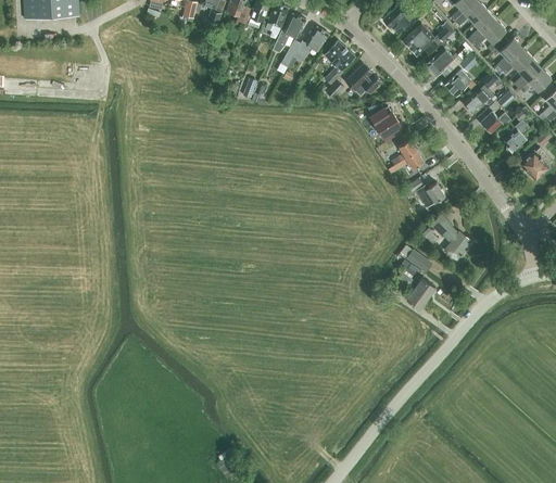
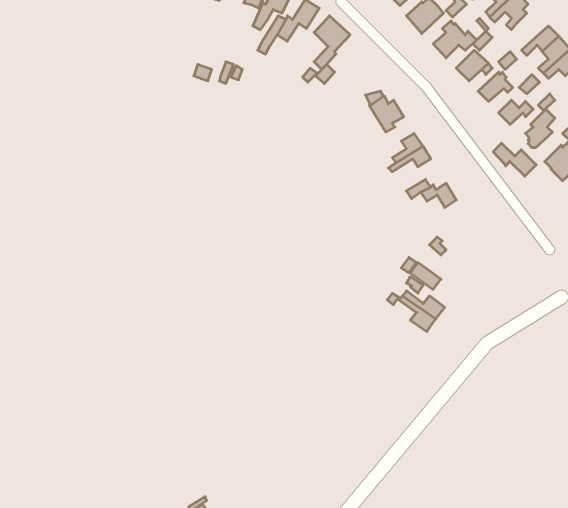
building: [496,38,523,69] -> none
building: [345,63,381,96] -> none
building: none -> [493,143,536,176]
building: [431,215,471,259] -> none

